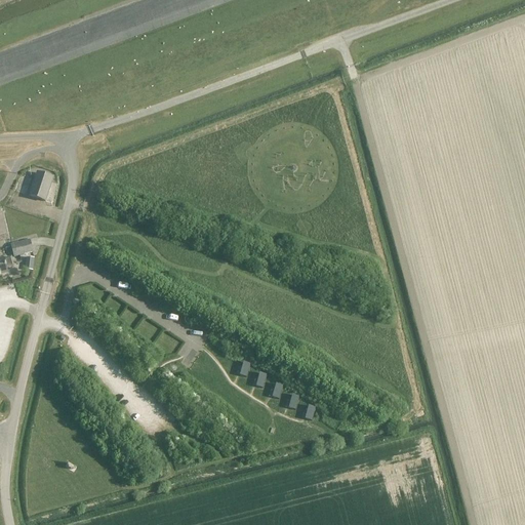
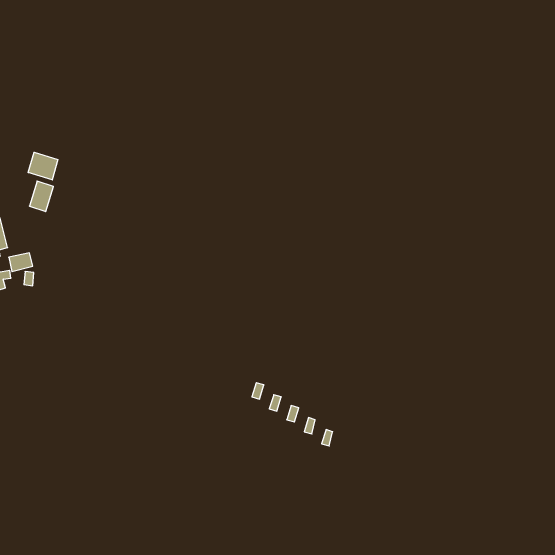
building: none -> [28,152,58,180]

